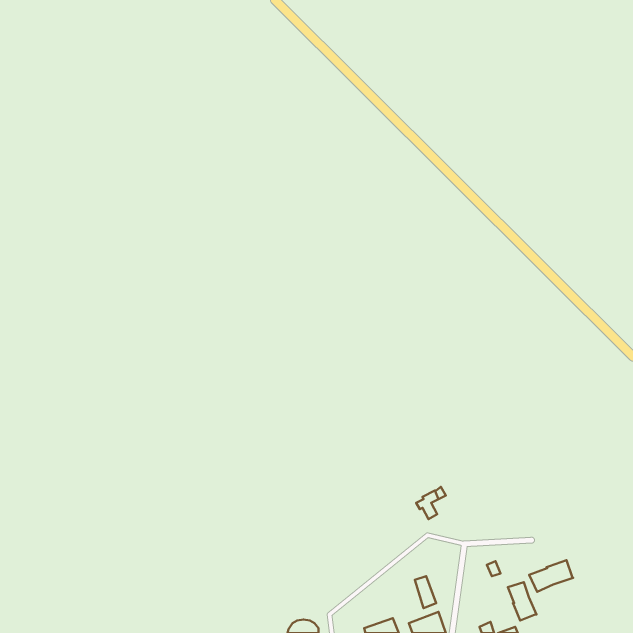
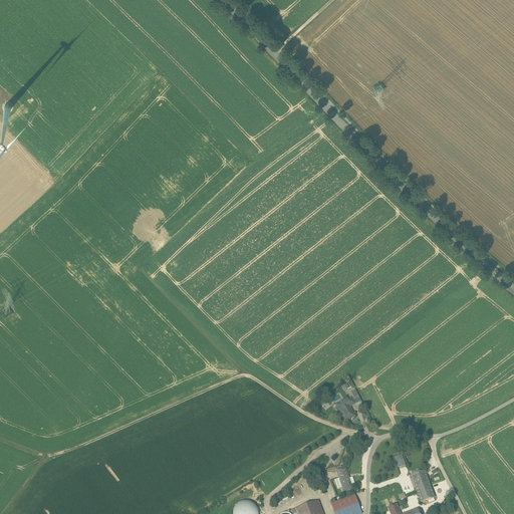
building: [529,560,573,592] -> none

